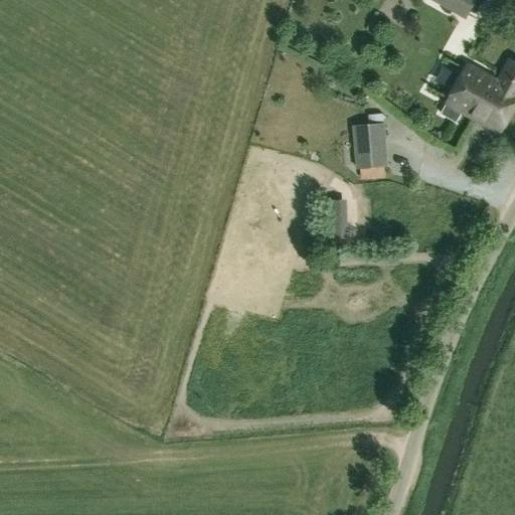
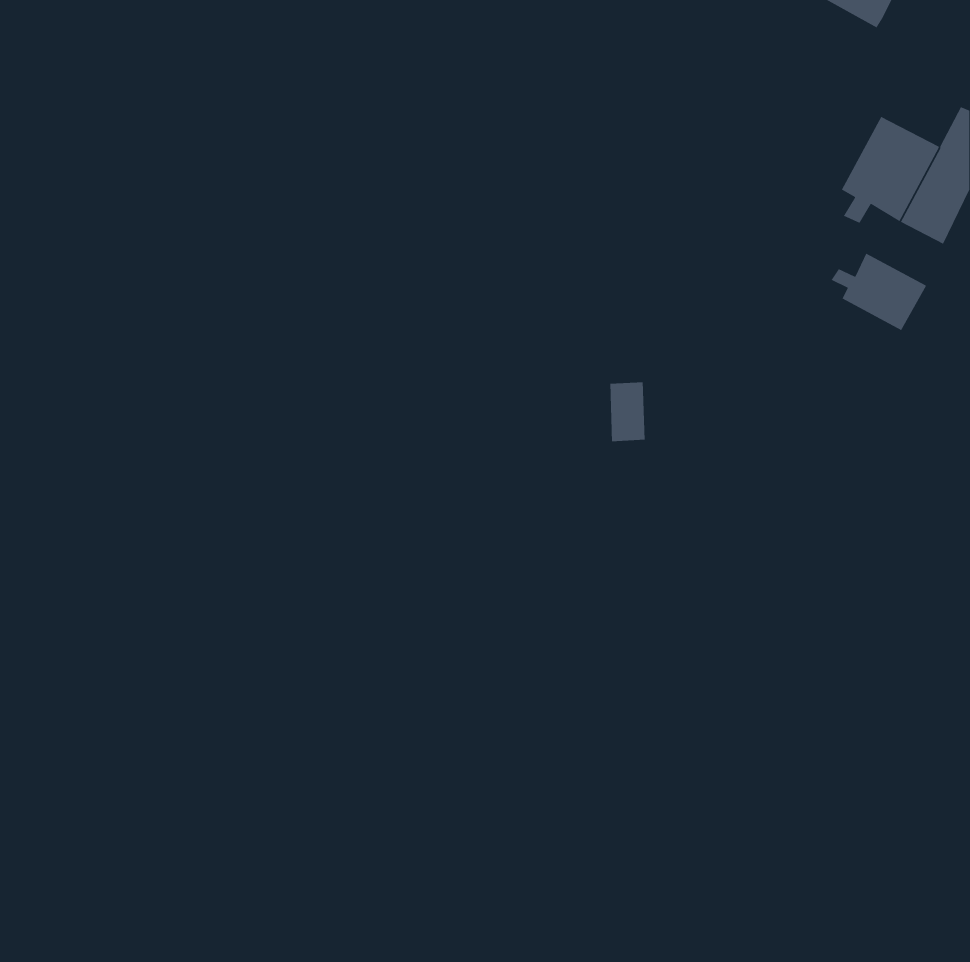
building: [352,122,388,164] -> none
building: none -> [831,252,927,331]

